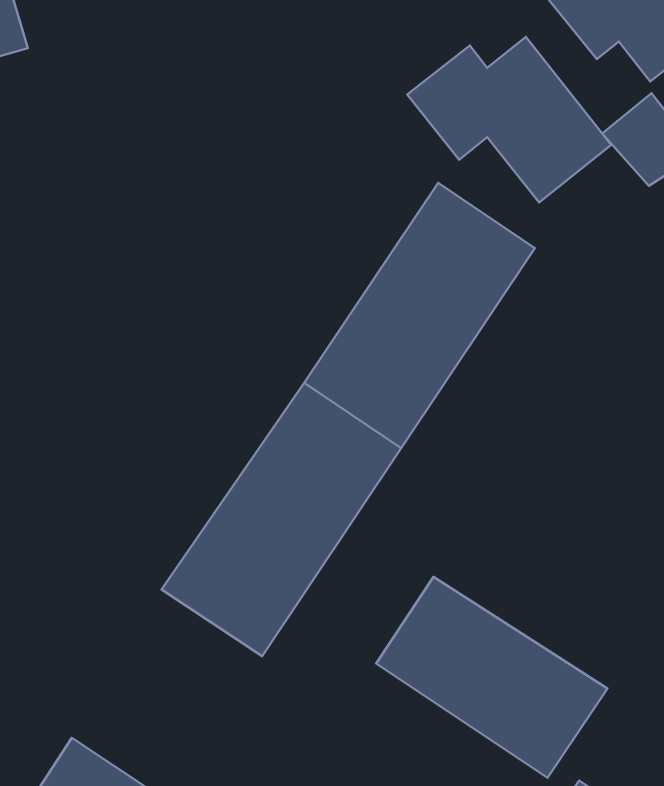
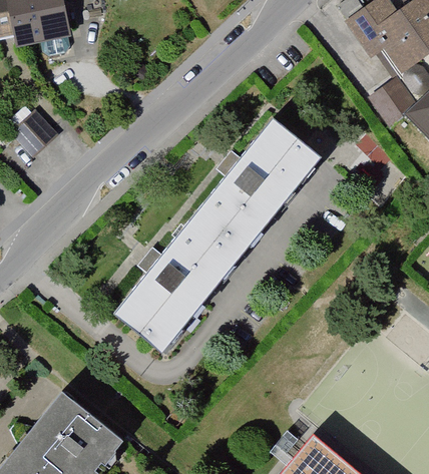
building: [407,37,611,203] -> none
building: [376,577,608,778] -> none

